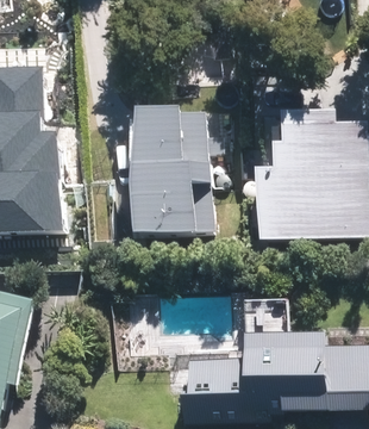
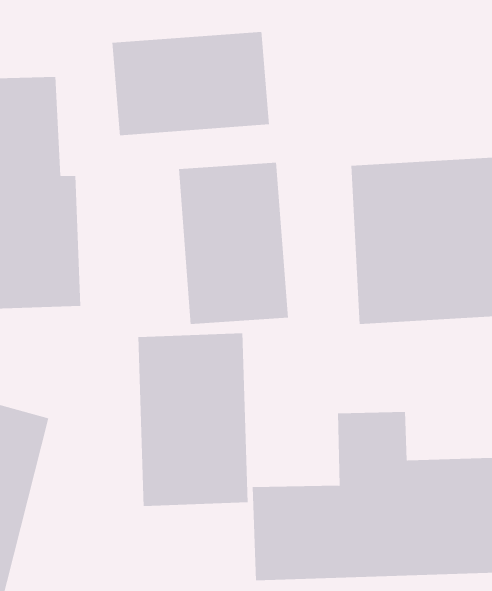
building: none -> [112,31,269,136]
building: none -> [138,332,248,507]

